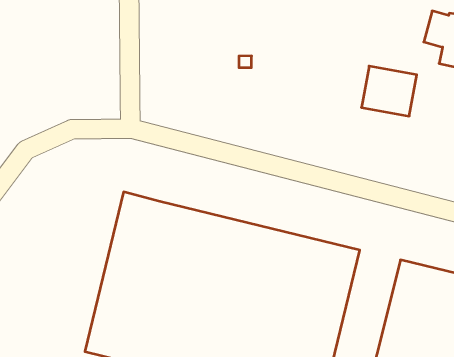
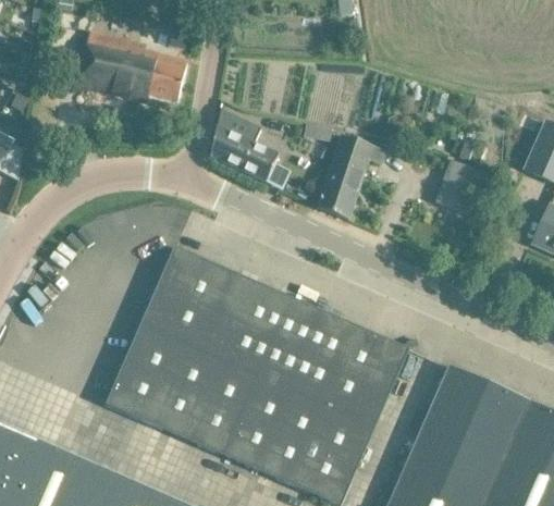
building: none -> [77,32,187,101]
building: none -> [210,109,279,182]
building: none -> [317,135,385,220]

